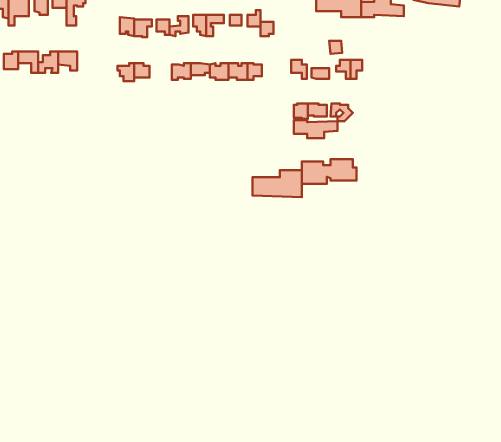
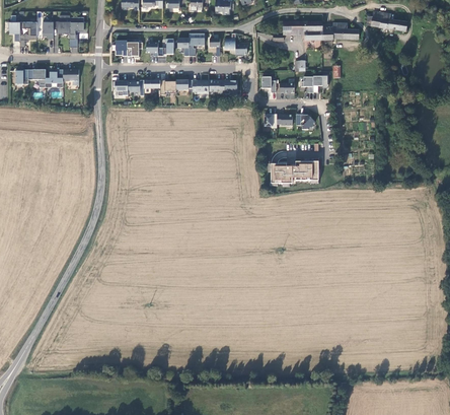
building: [294,120,338,138] -> none
building: [253,170,302,197] -> none

